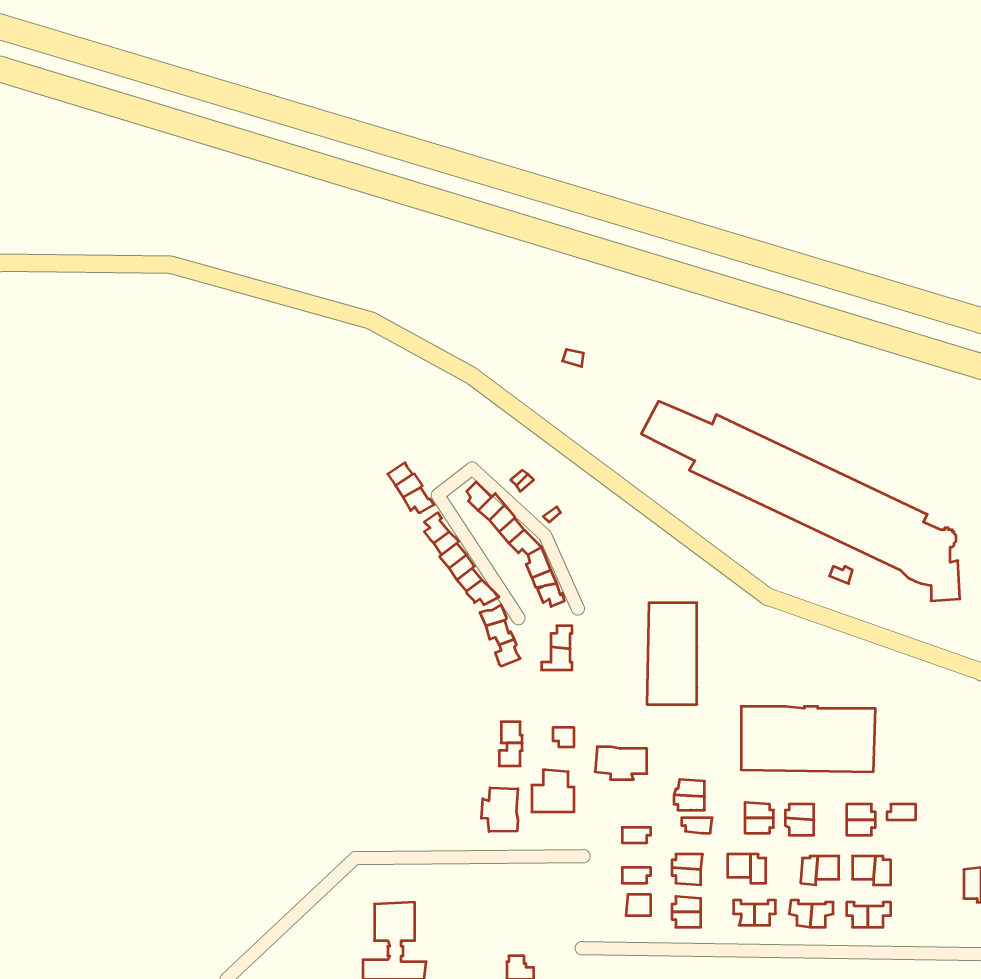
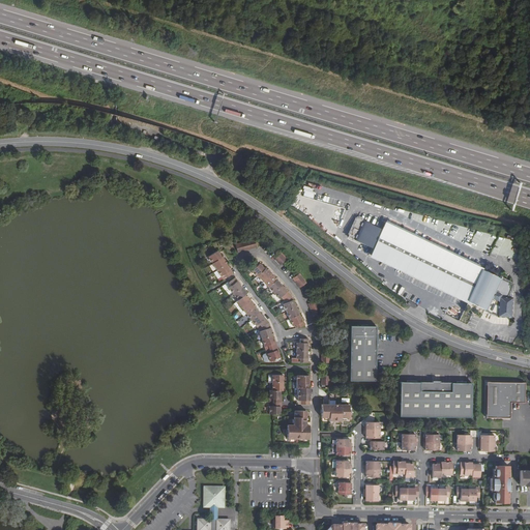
building: none -> [487,382,525,417]
building: [481,788,518,832] -> none
building: none -> [490,465,508,502]

